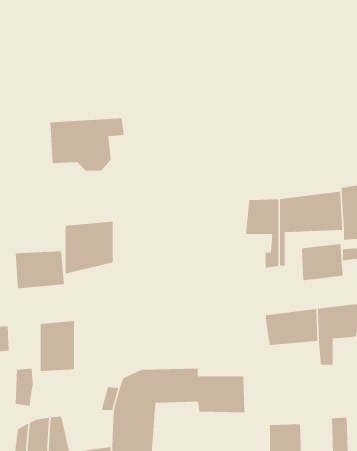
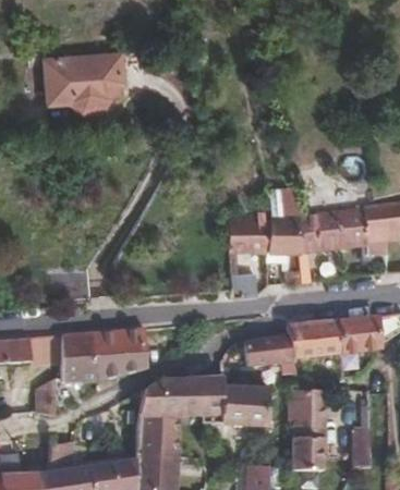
building: [50,118,125,171] -> [47,53,122,107]
building: none -> [229,212,271,248]
building: [65,221,114,274] -> [97,329,146,382]
building: [302,243,343,281] -> none
building: none -> [245,338,293,366]
building: none -> [288,388,324,438]

